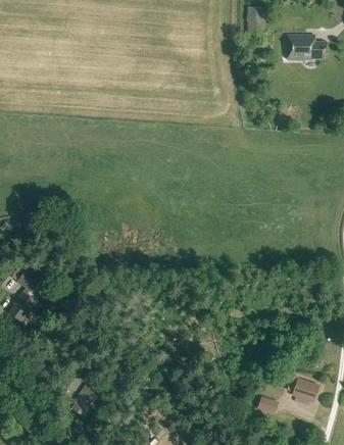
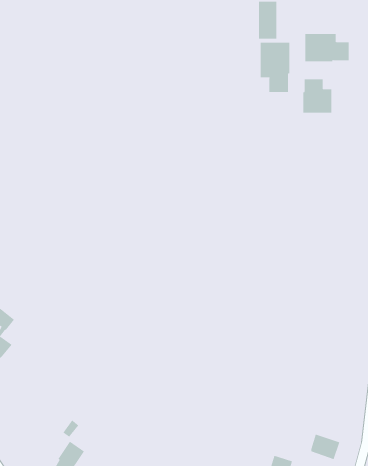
building: none -> [260,42,290,93]
building: none -> [303,78,332,114]

